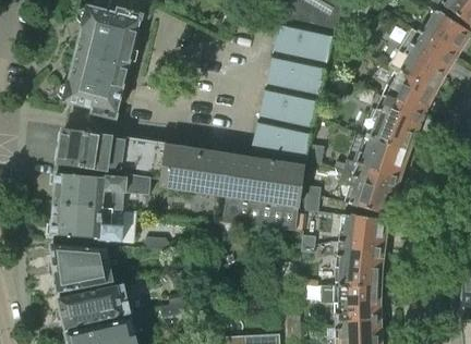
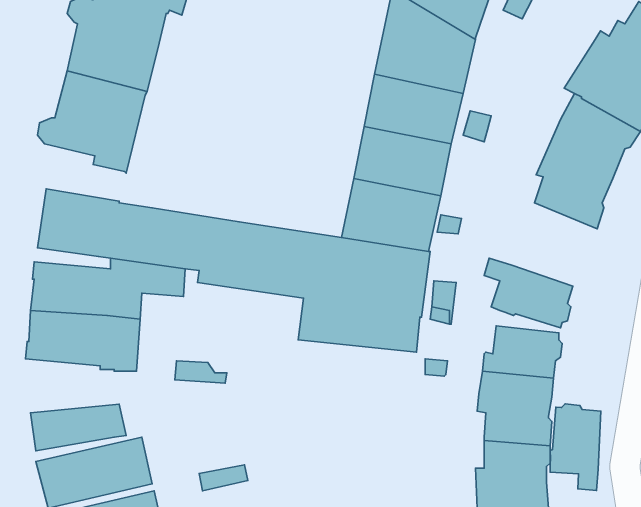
building: [342,136,410,188] -> none
building: [52,244,110,268] -> none
building: none -> [550,404,601,490]

